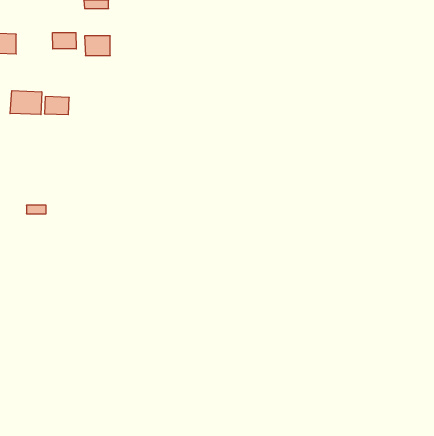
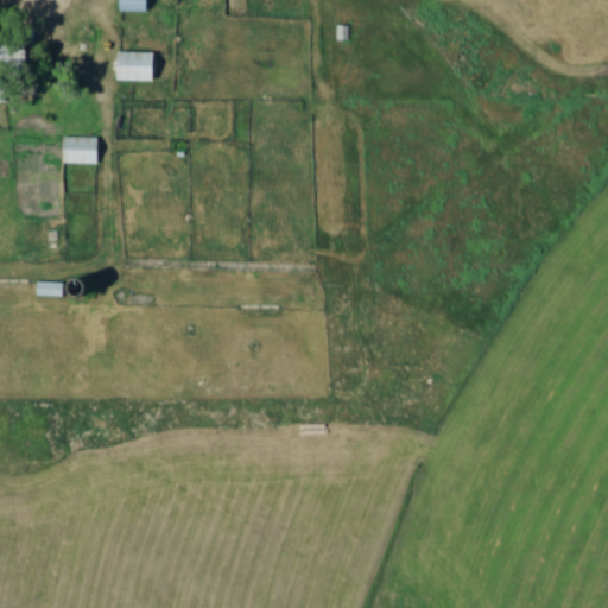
building: [53,33,76,49] -> none
building: [10,91,42,115] -> none

